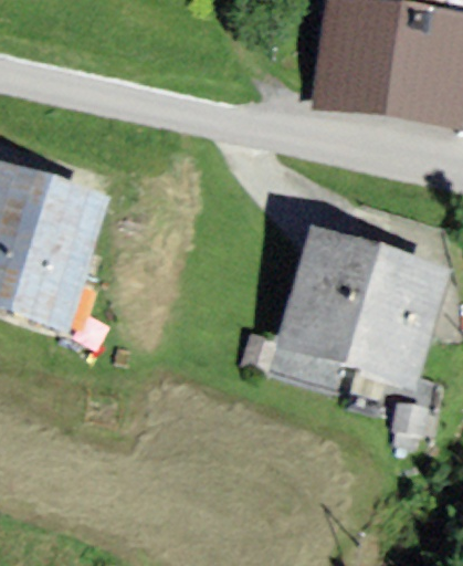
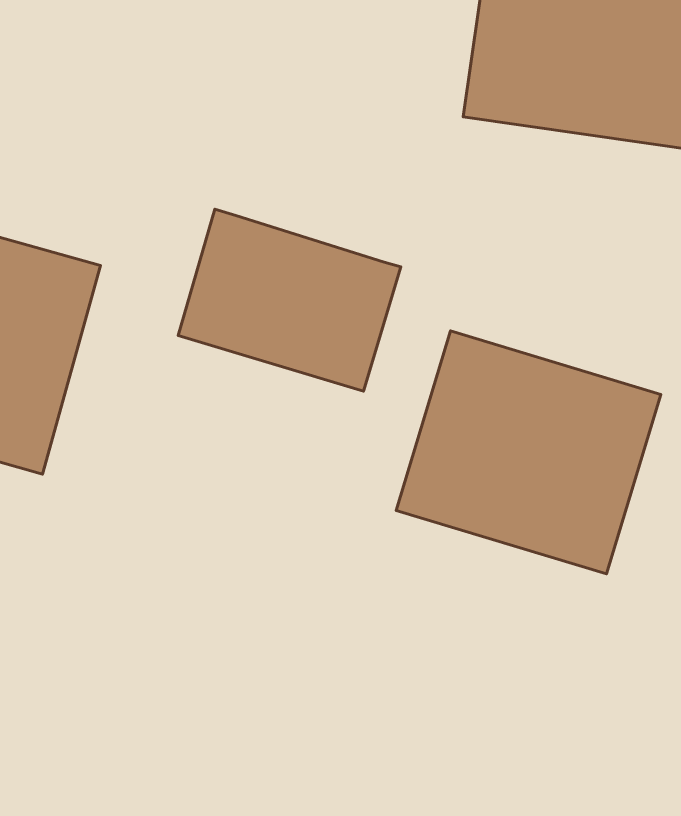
building: none -> [178,209,401,391]

